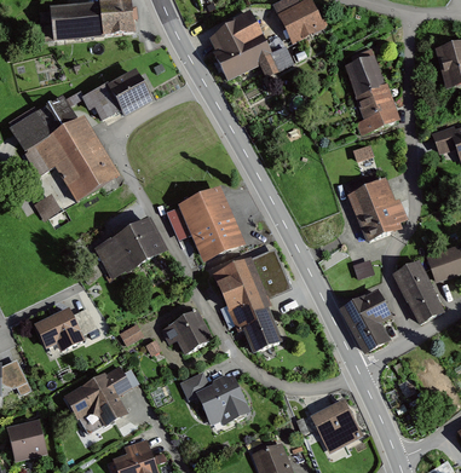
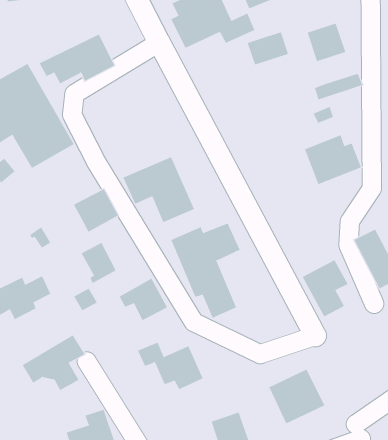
building: [357,86,398,119] -> [247,32,289,65]
building: [358,201,409,241] -> none
building: [97,237,132,278] -> [81,242,117,284]

